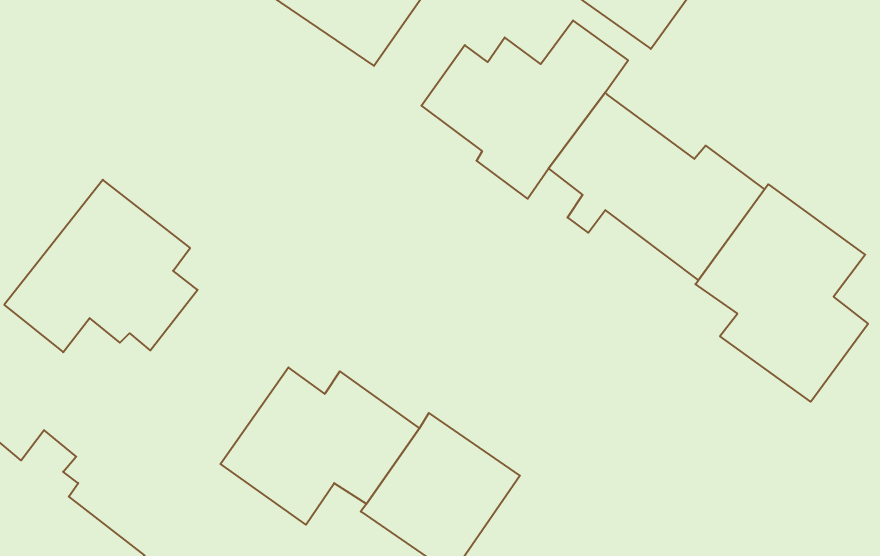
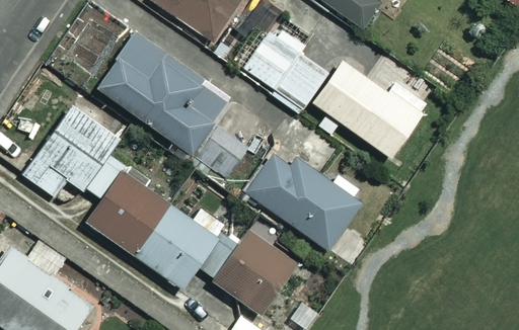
building: none -> [94,33,250,178]
building: [695,184,868,402] -> none
building: none -> [244,147,360,250]
building: none -> [82,164,167,257]

